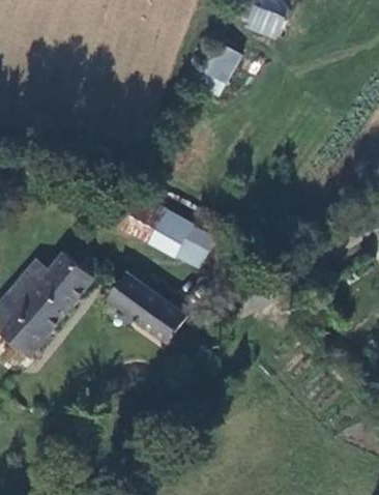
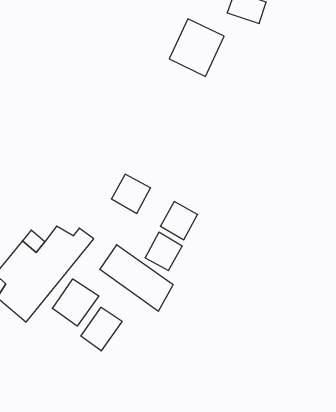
building: [148,212,187,253] -> [145,232,182,270]
building: none -> [52,279,99,326]
building: none -> [81,307,122,351]

